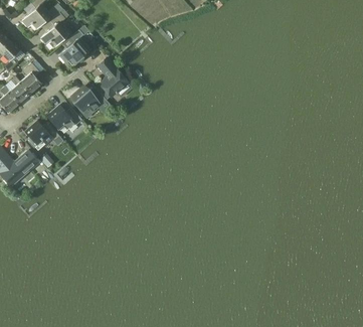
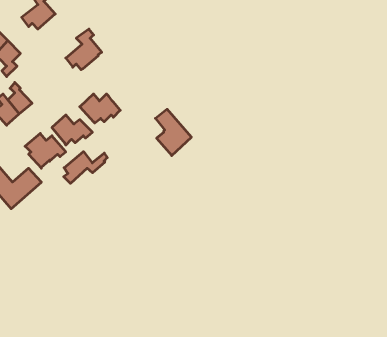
building: [40,12,68,47] -> none
building: [97,57,128,98] -> [155,109,191,156]
building: [19,62,41,94] -> none
building: none -> [64,152,107,183]

